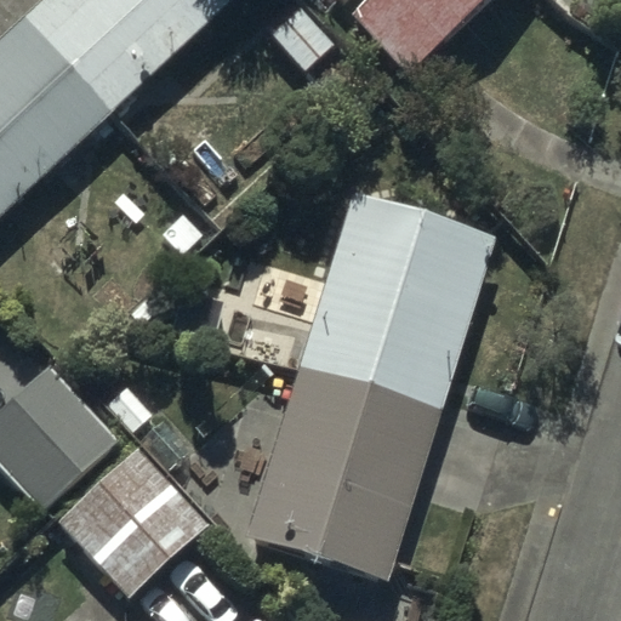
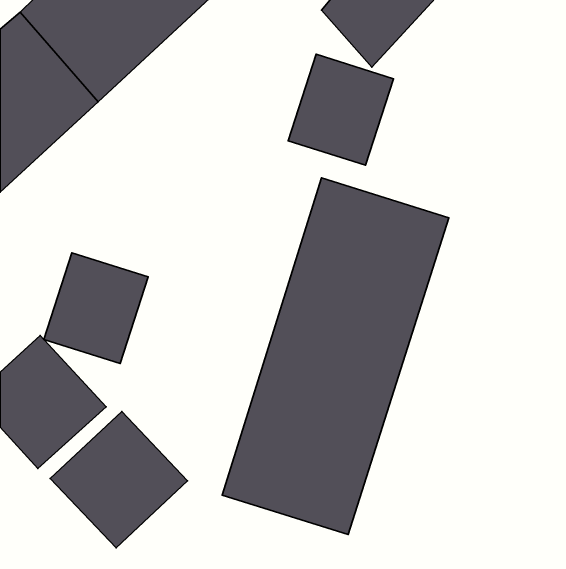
building: none -> [288,54,393,165]
building: none -> [44,253,148,364]

